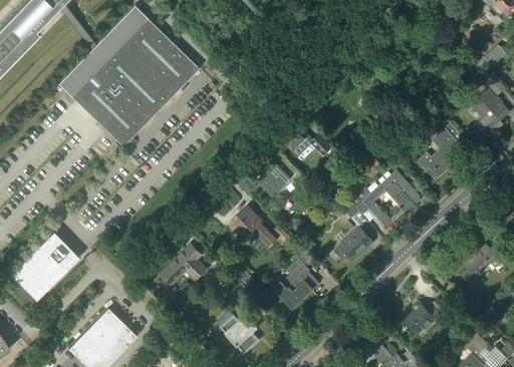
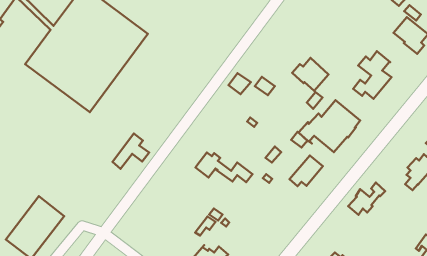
building: none -> [292,58,329,91]
building: [256,164,289,198] -> none
building: [162,247,204,284] -> [112,134,149,169]
building: [273,248,317,308] -> none
building: [404,299,447,332] -> [348,182,385,215]

